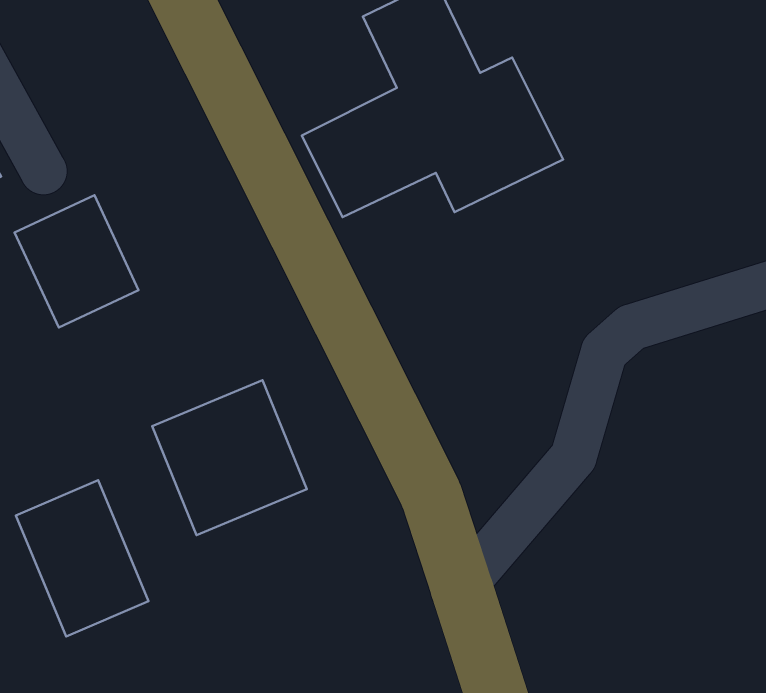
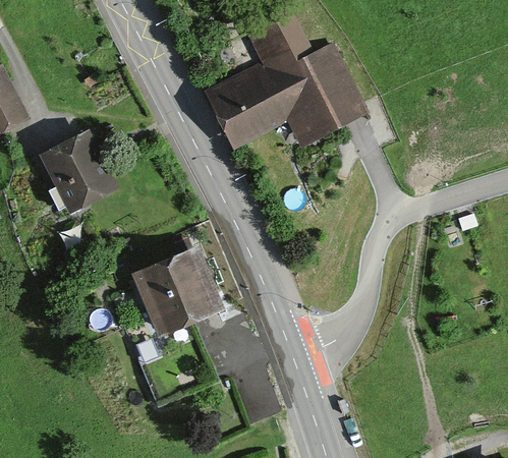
building: [16,480,148,637] -> none

